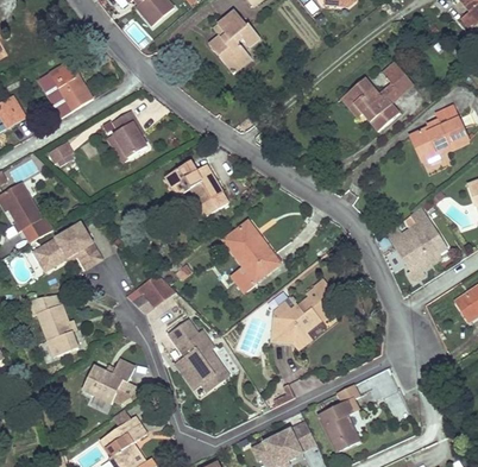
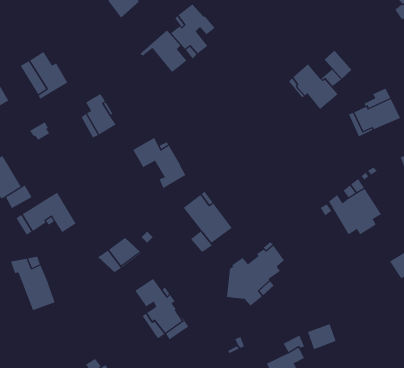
building: none -> [140,30,187,73]
building: [81,359,136,403] -> none

